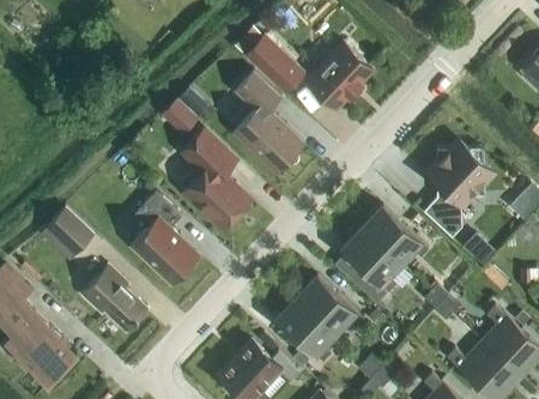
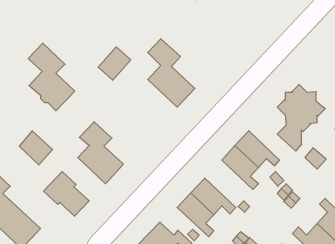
building: [244,35,304,93] -> none
building: [305,42,373,110] -> none
building: [182,129,250,229] -> [28,43,75,111]

